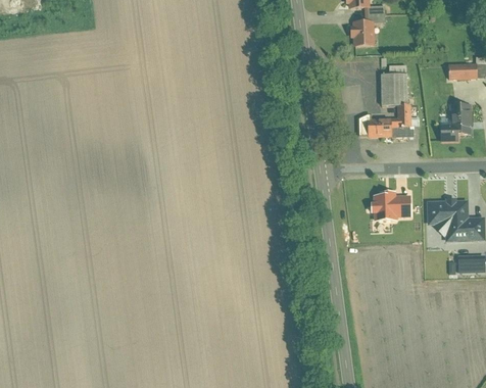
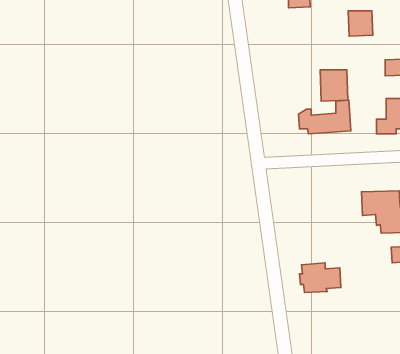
building: [351,20,377,47] -> [348,11,373,36]
building: [366,190,408,221] -> [299,263,341,292]

